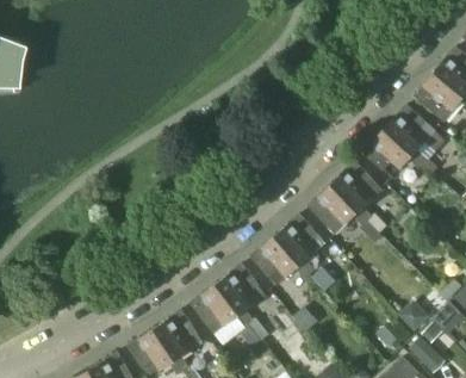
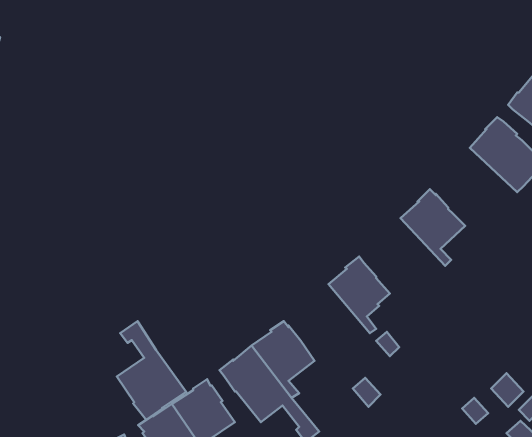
building: [362,130,421,171] -> none
building: [307,185,365,234] -> none
building: [249,236,306,286] -> none
building: none -> [117,321,186,420]

